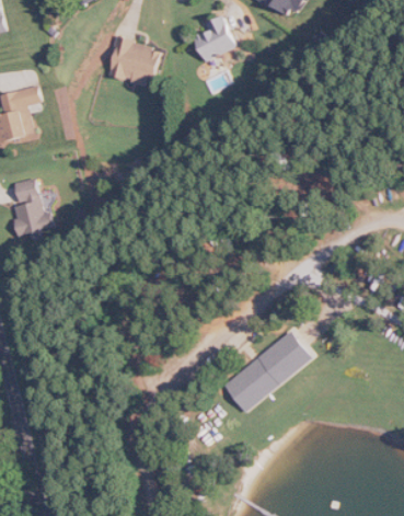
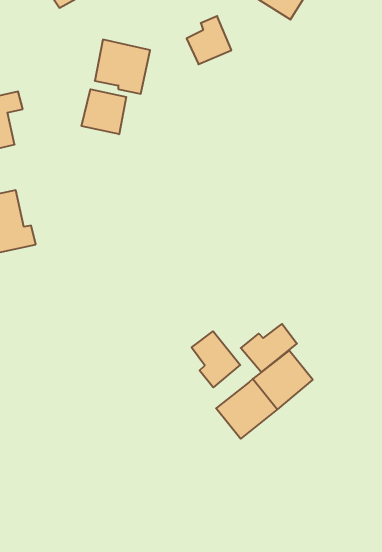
building: none -> [82,89,126,134]
building: none -> [241,324,297,372]
building: none -> [192,331,240,387]

